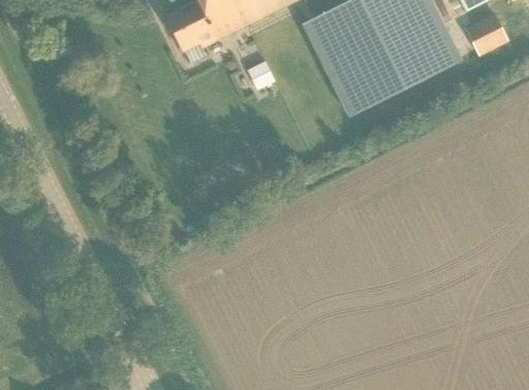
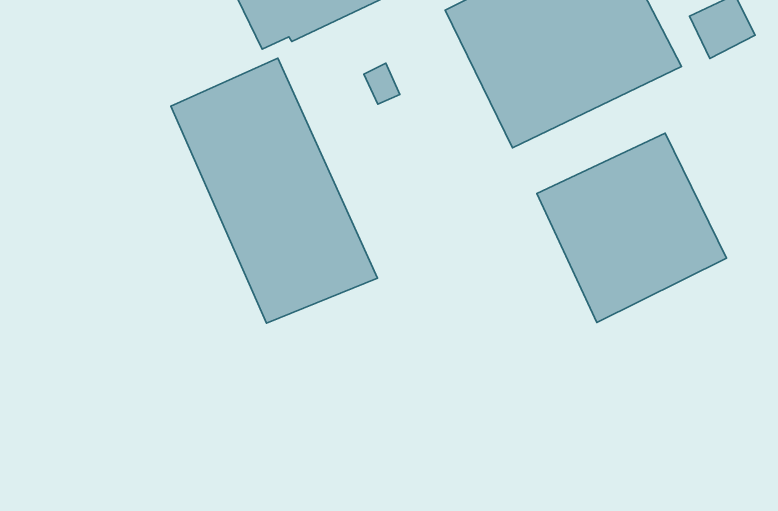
building: none -> [171,58,378,323]
building: none -> [537,133,726,322]

